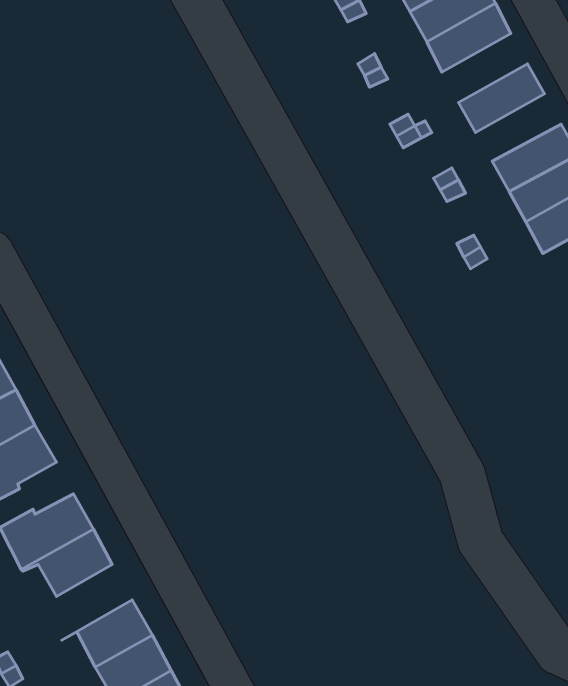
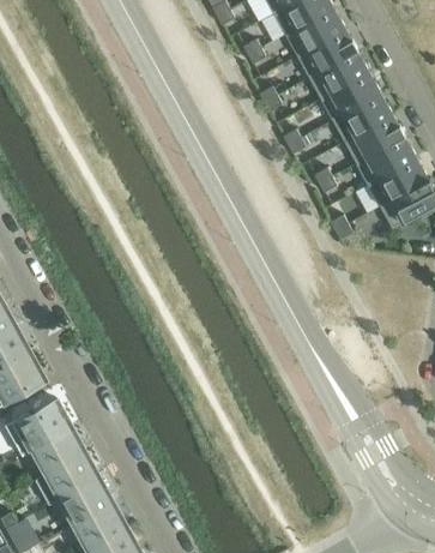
building: none -> [320,73,381,122]
building: none -> [344,116,405,164]
building: none -> [35,452,99,506]

